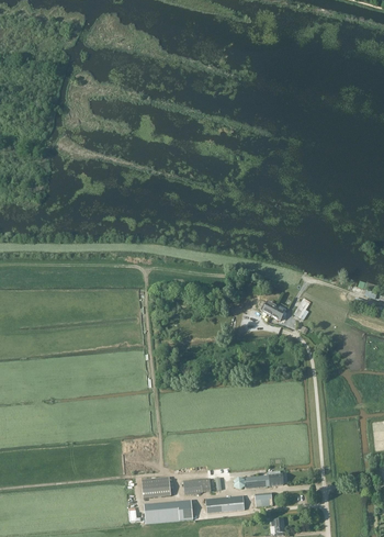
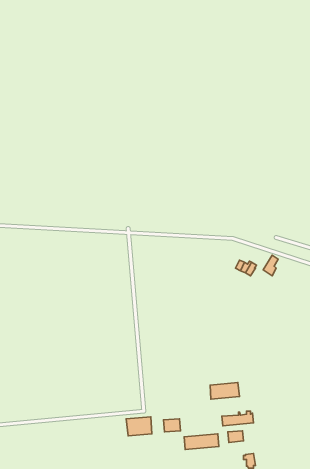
building: none -> [210,383,240,399]
building: [144,501,193,524] -> none

